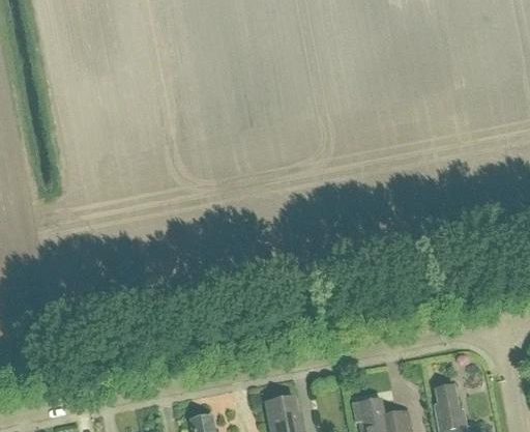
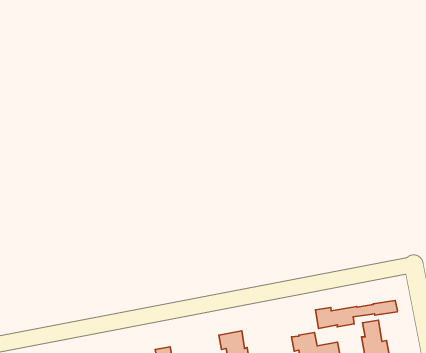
building: none -> [316,301,397,328]

